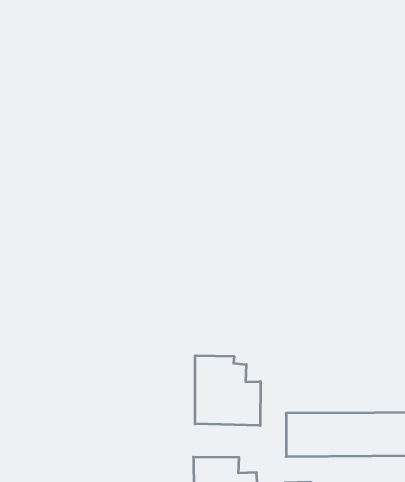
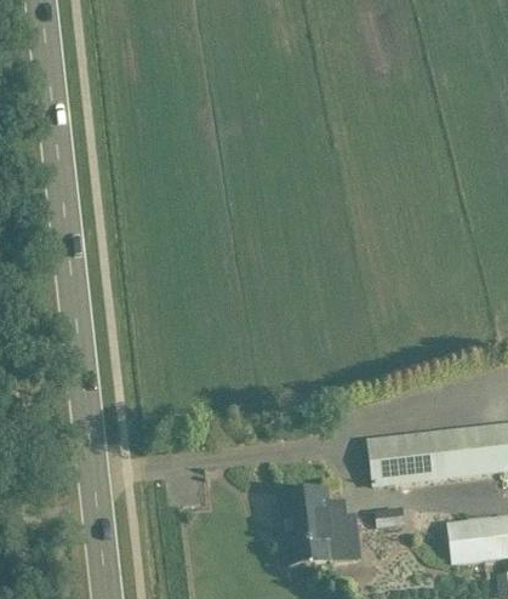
building: [195,356,260,426] -> none

